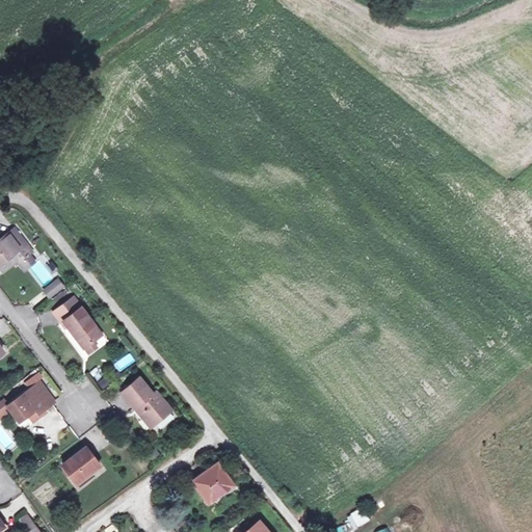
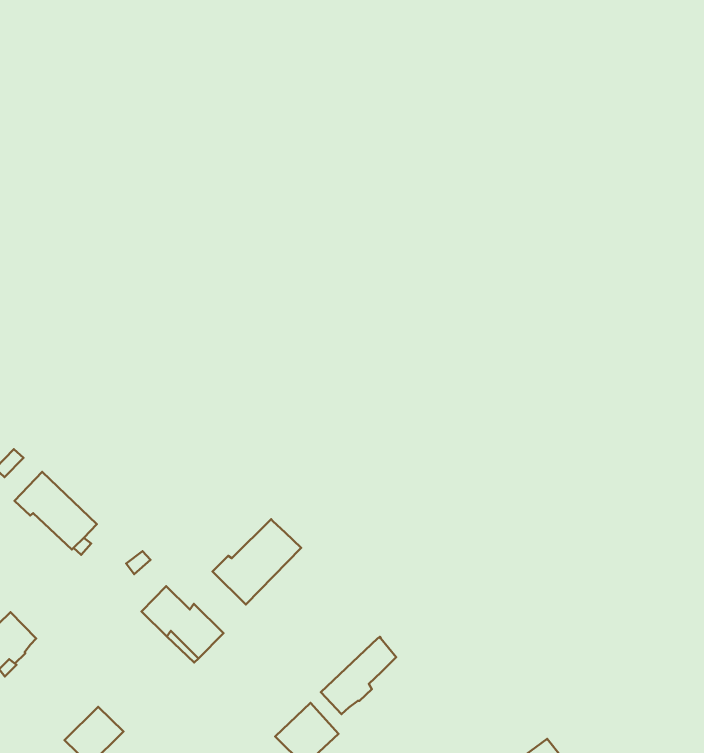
building: none -> [213,519,301,604]
building: none -> [321,637,396,714]

